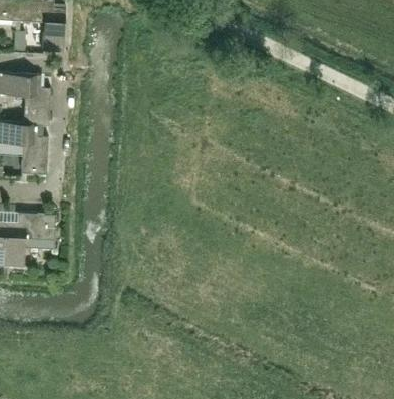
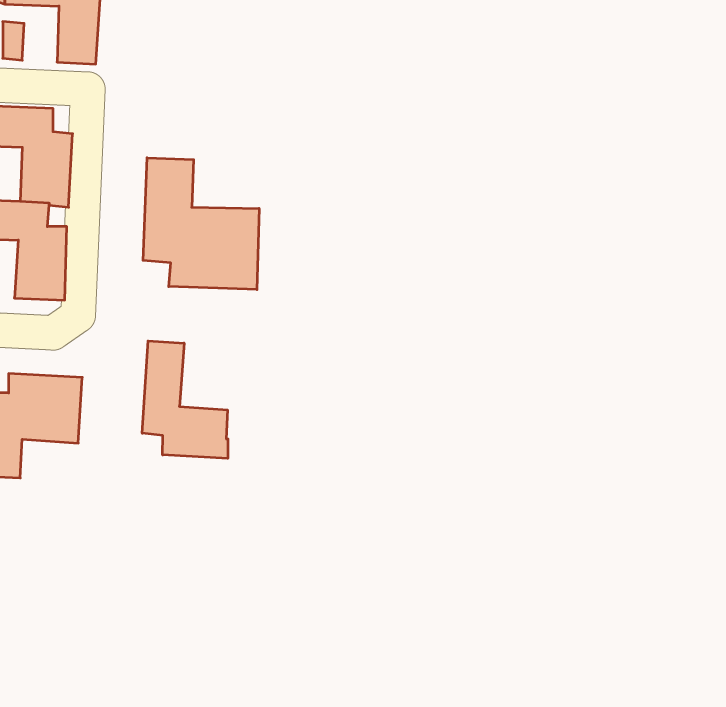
building: none -> [143,158,259,290]
building: none -> [142,341,228,458]

